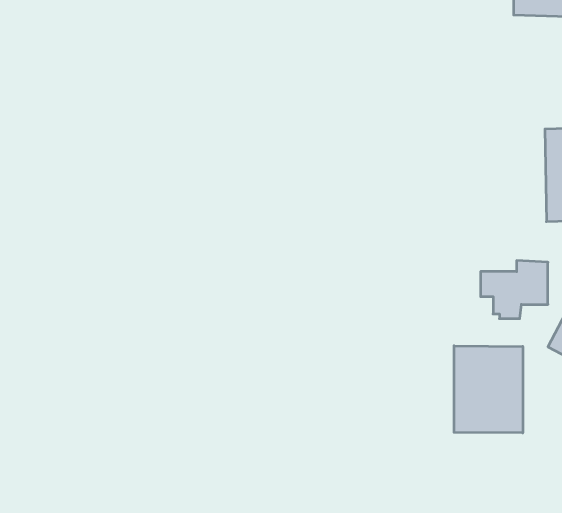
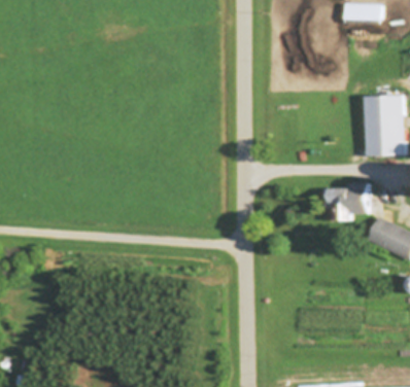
building: [454,346,523,433] -> none

